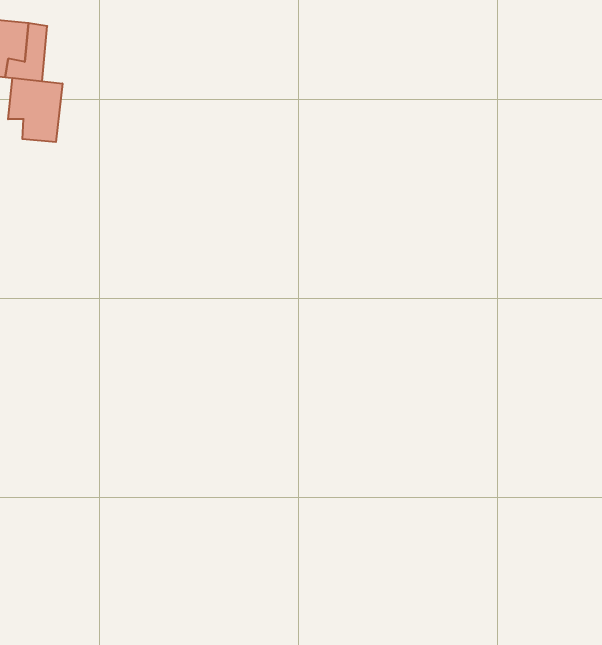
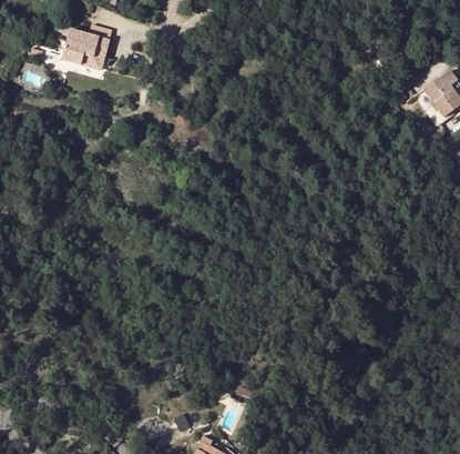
building: [8,78,62,142] -> none

